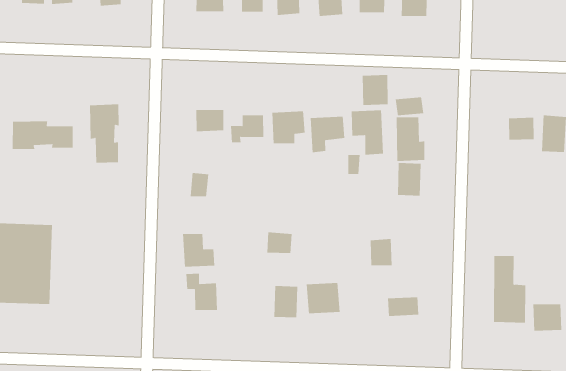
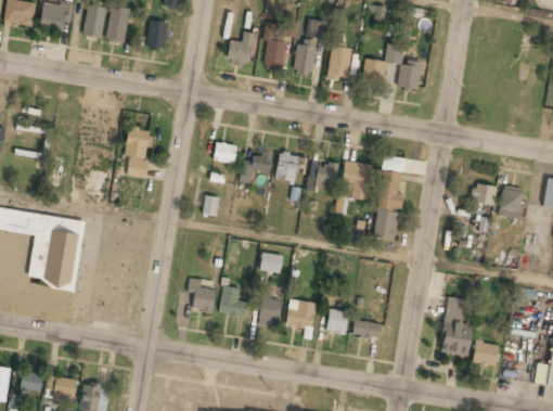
building: [362,74,388,106] -> none
building: [12,121,73,150] -> none
building: [182,233,215,267] -> [220,286,247,317]
building: [370,238,393,266] -> [327,310,348,334]

